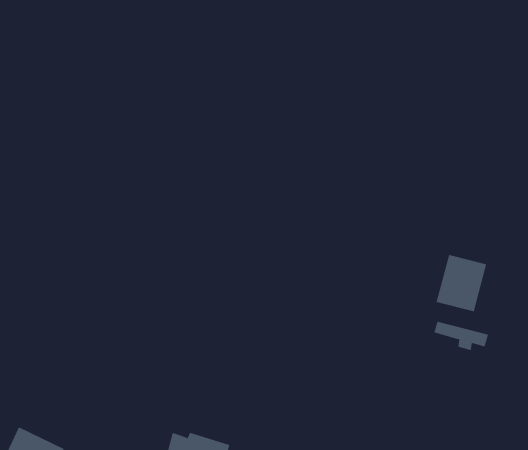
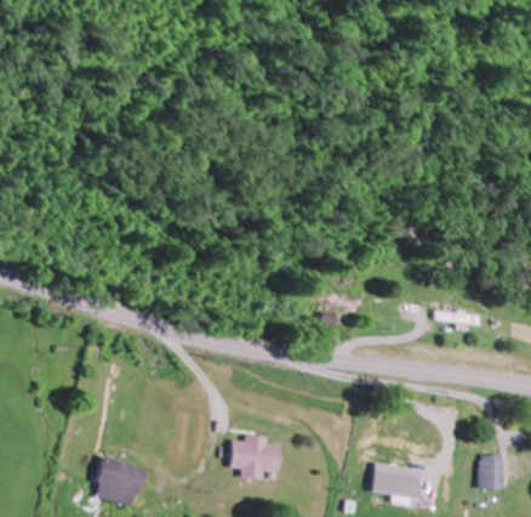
building: [436,254,487,312] -> none

